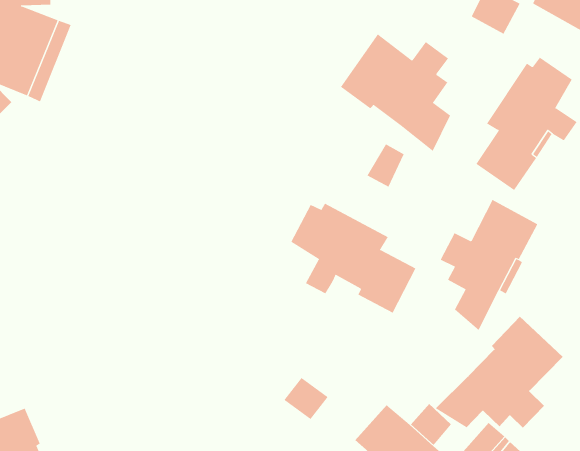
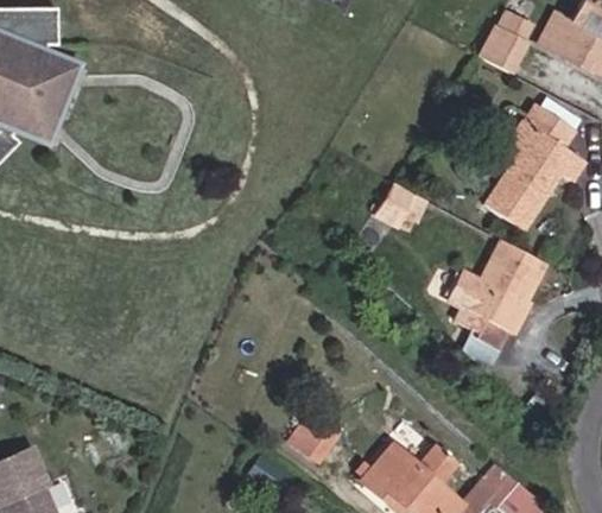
building: [340,33,451,152] -> none
building: [290,203,416,314] -> none
building: [435,316,564,429] -> none

